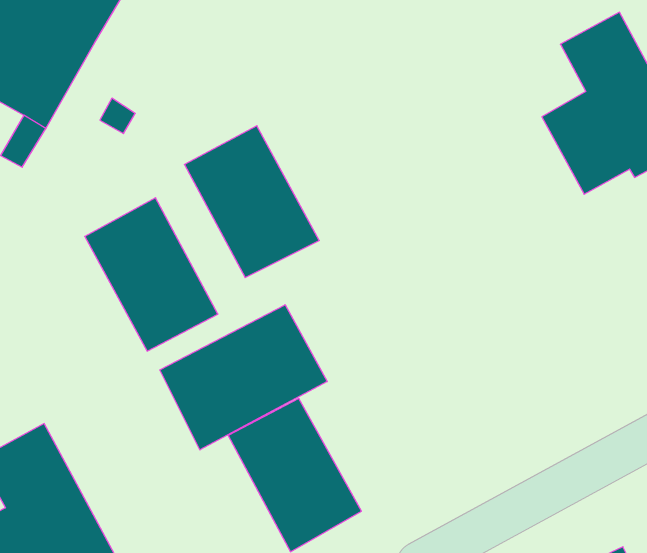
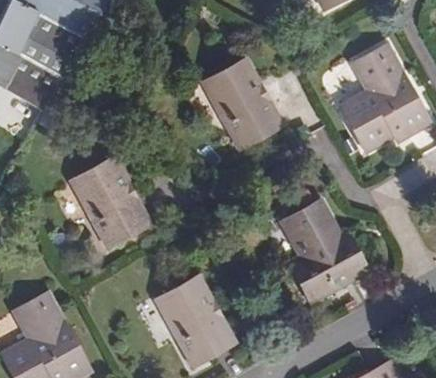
building: [184,126,319,278] -> [202,59,282,149]
building: none -> [279,197,364,300]
building: [160,305,327,450] -> none

